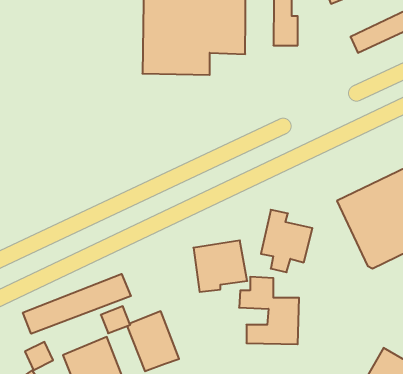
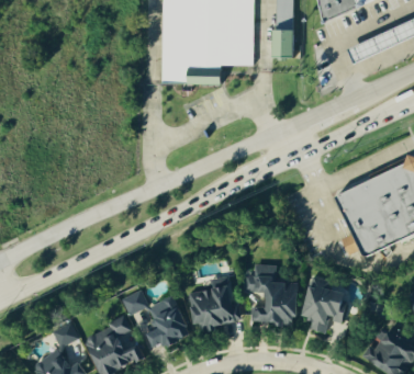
building: [261,210,312,272] -> [305,277,351,333]
building: [193,240,247,292] -> [192,286,240,332]
building: [23,274,131,334] -> none

